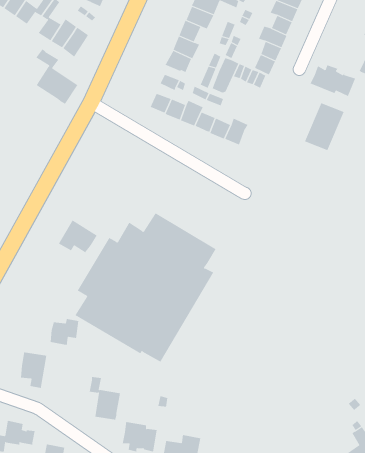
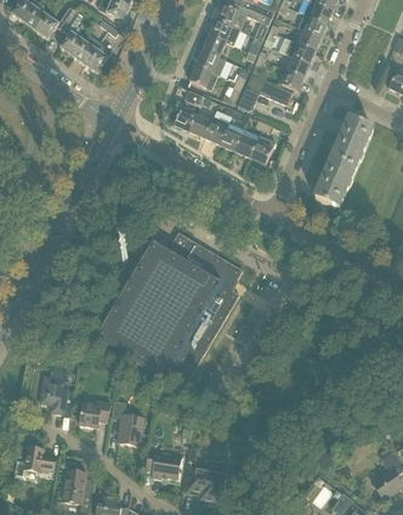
building: [36,48,78,105] -> none
building: [310,64,356,97] -> none
building: none -> [316,159,357,209]
building: [58,220,98,253] -> none
building: [50,318,79,346] -> [80,401,110,429]

